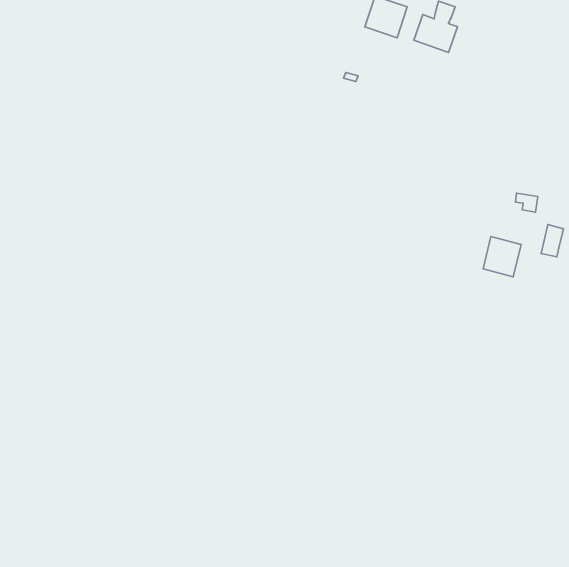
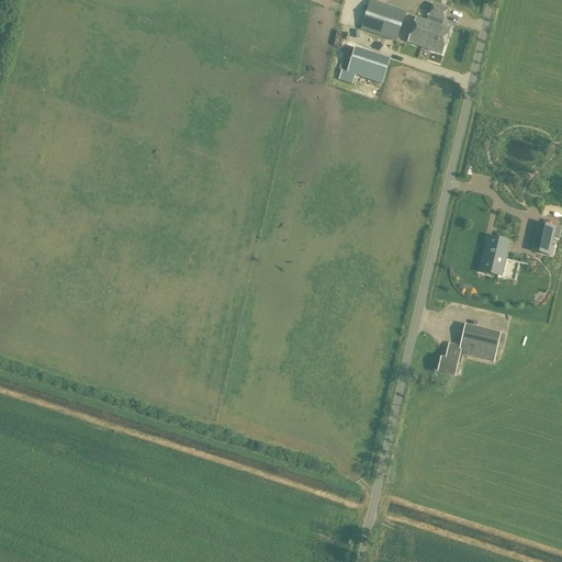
building: none -> [346,45,390,81]
building: none -> [437,322,499,373]

